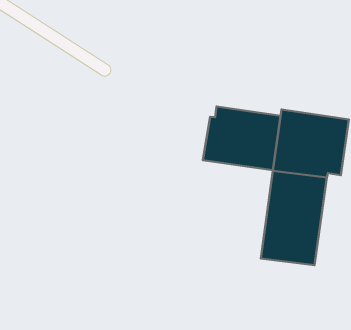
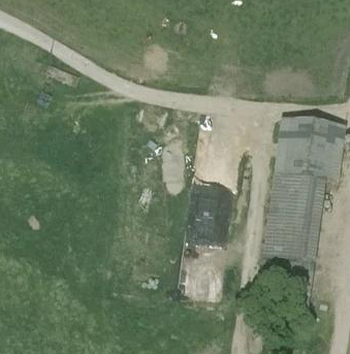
building: [203,106,280,170] -> none

